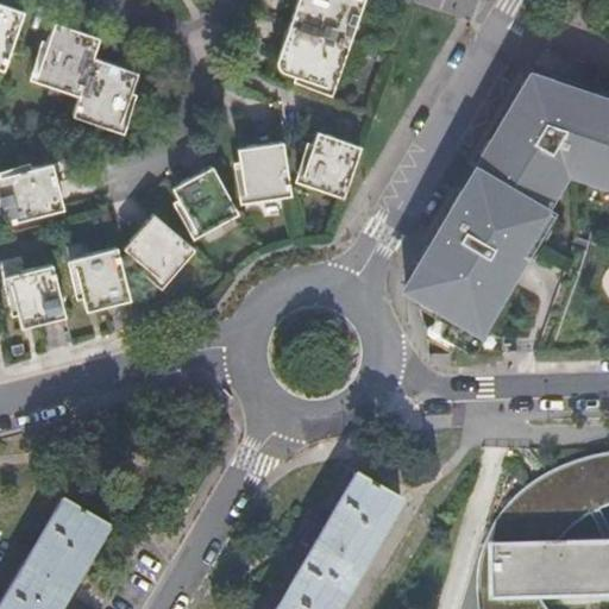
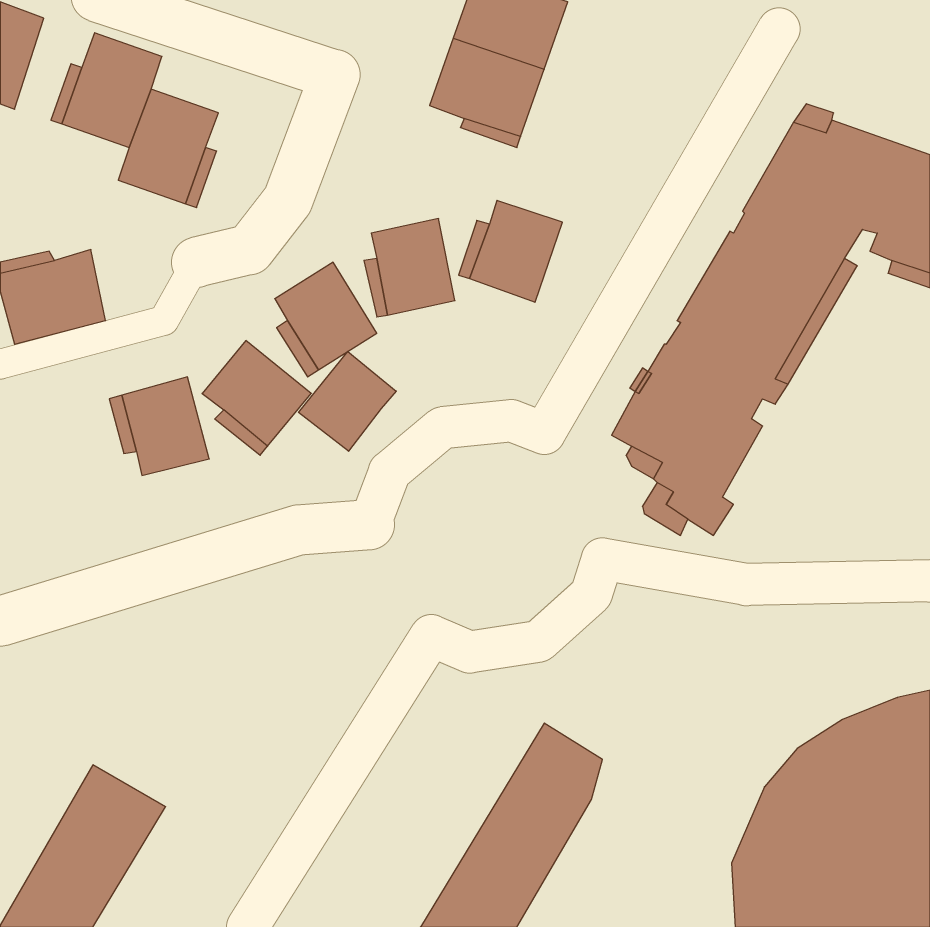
building: none -> [299,351,396,451]
building: [13,264,70,328] -> none

